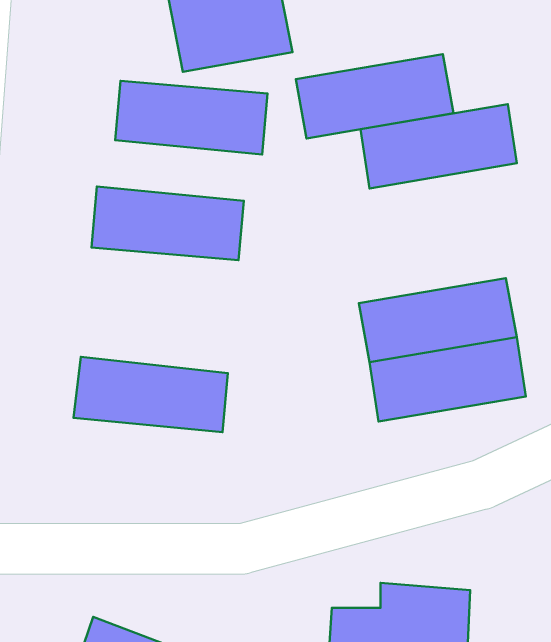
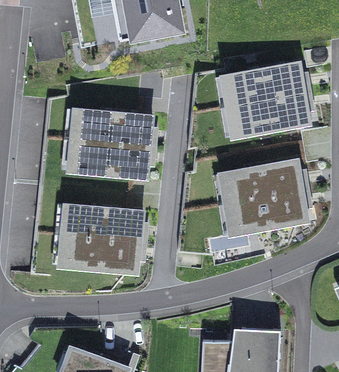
building: [296,54,454,138] -> [223,93,311,140]
building: [115,81,268,154] -> [65,140,150,181]
building: none -> [55,235,141,276]

